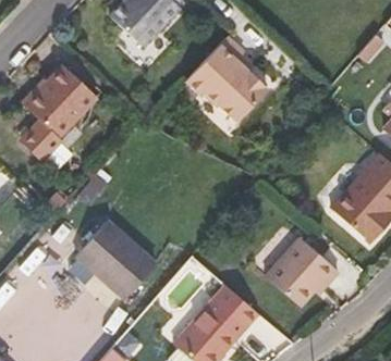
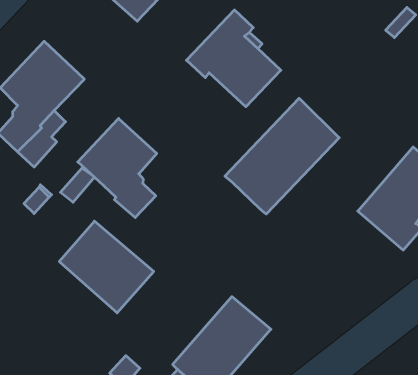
building: none -> [225,98,339,214]
building: none -> [78,118,157,218]
building: [259,236,332,306] -> none

